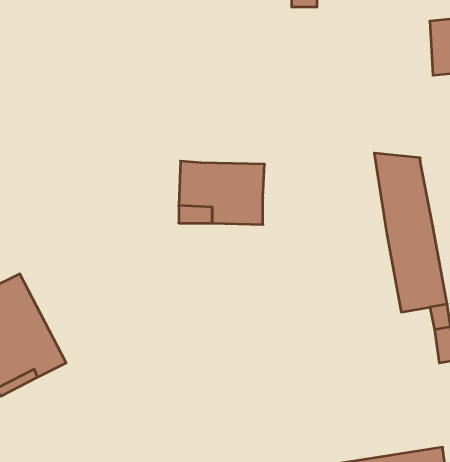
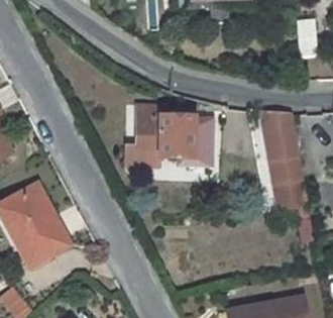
building: none -> [192,114,217,166]

